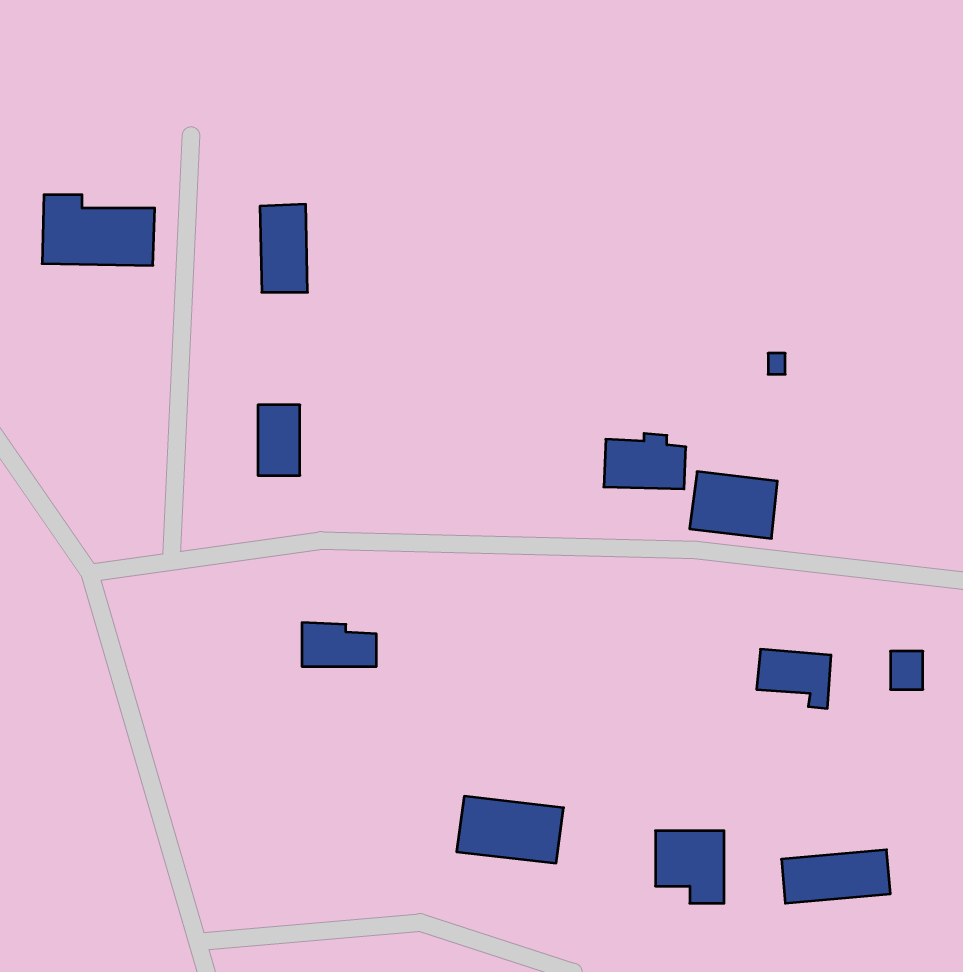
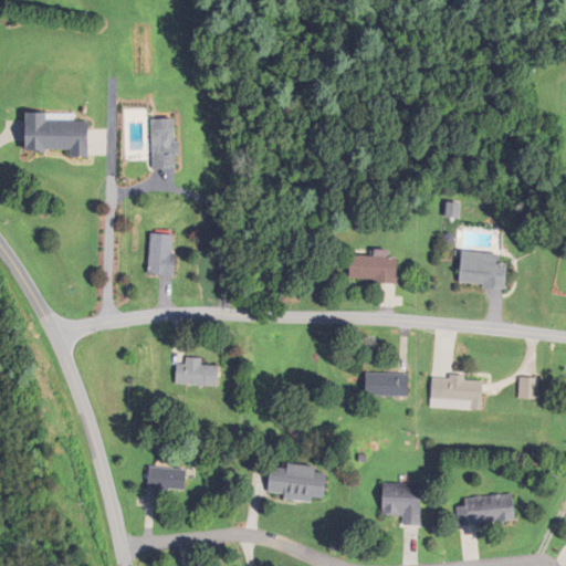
building: [690,472,777,538] -> [457,251,507,290]
building: none -> [364,374,407,397]
building: none -> [146,464,187,488]

